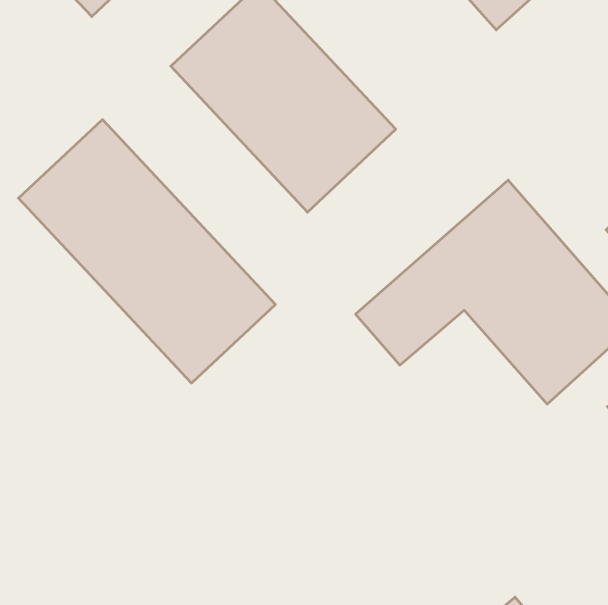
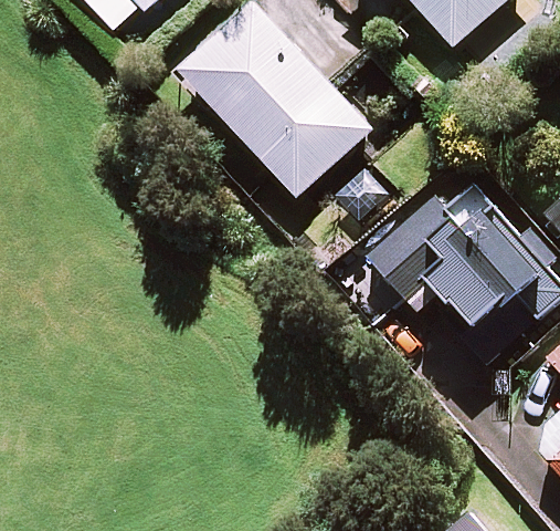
building: [18,120,275,383] -> none

